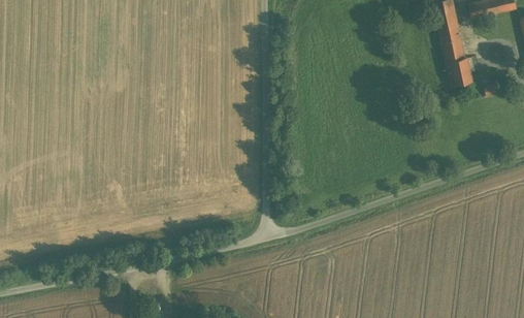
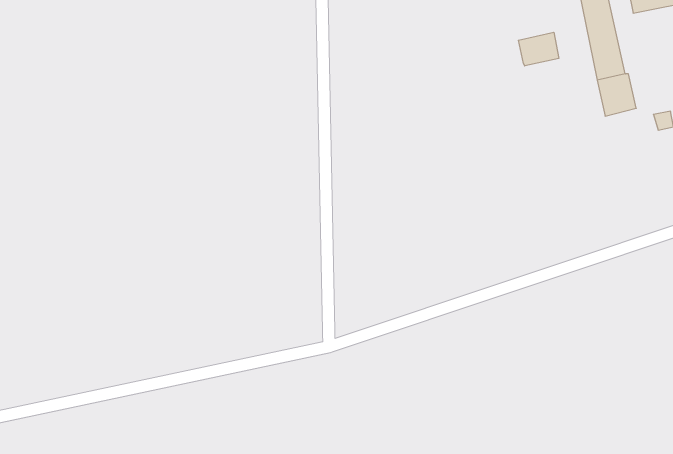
building: none -> [518,32,559,66]

